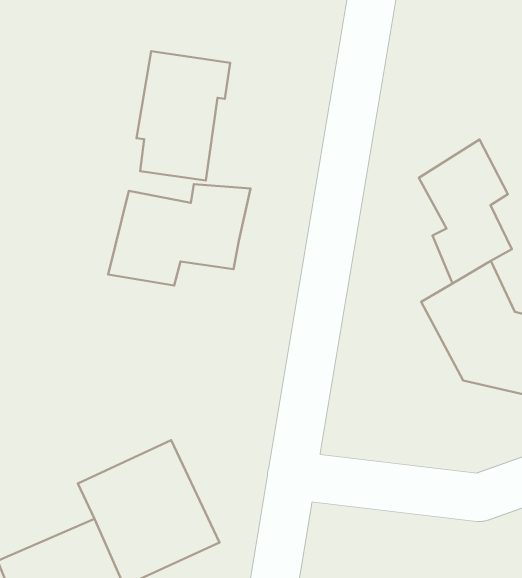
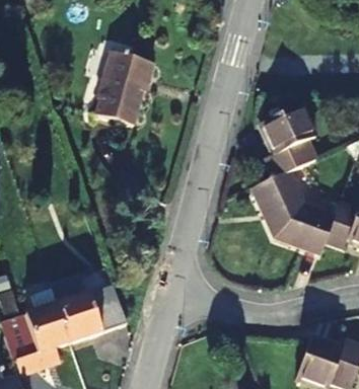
building: [108,184,250,286] -> none

